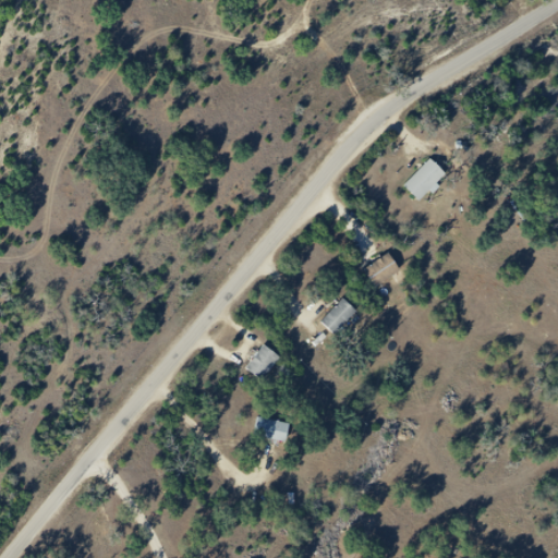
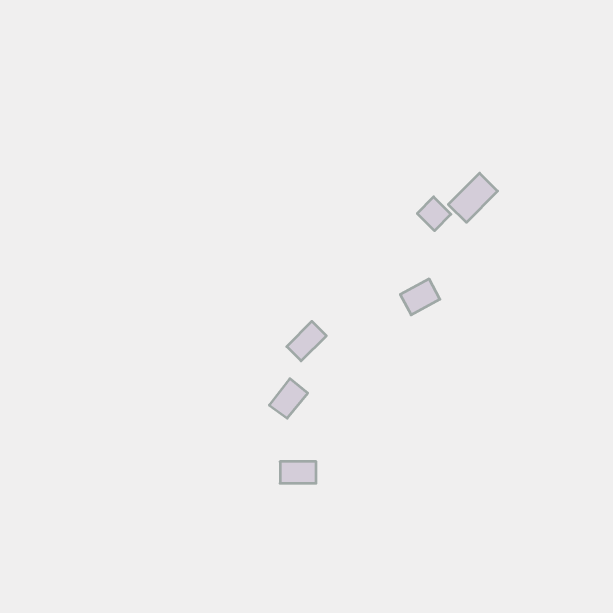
building: none -> [417,197,451,231]
building: [319,298,355,333] -> [287,321,326,361]

